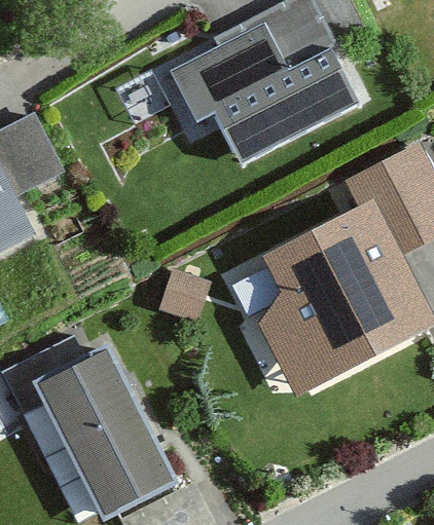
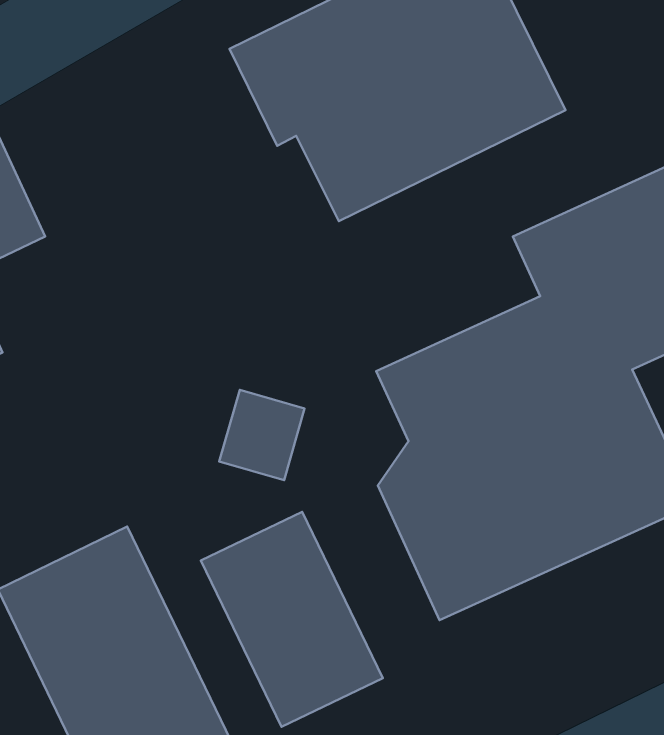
building: none -> [201,512,383,727]

